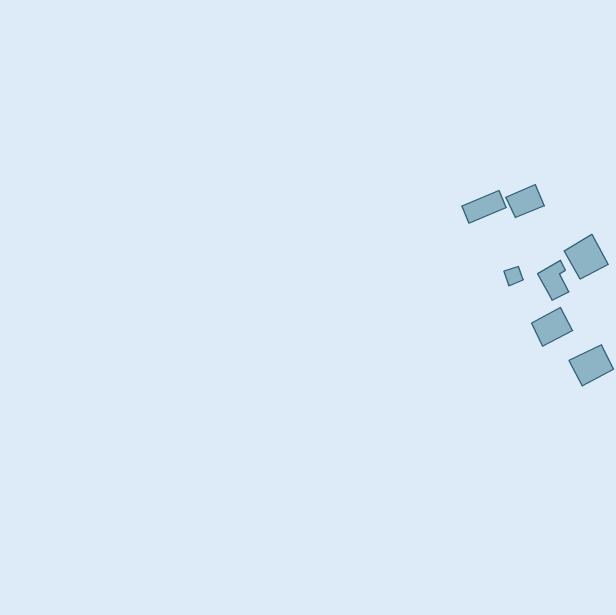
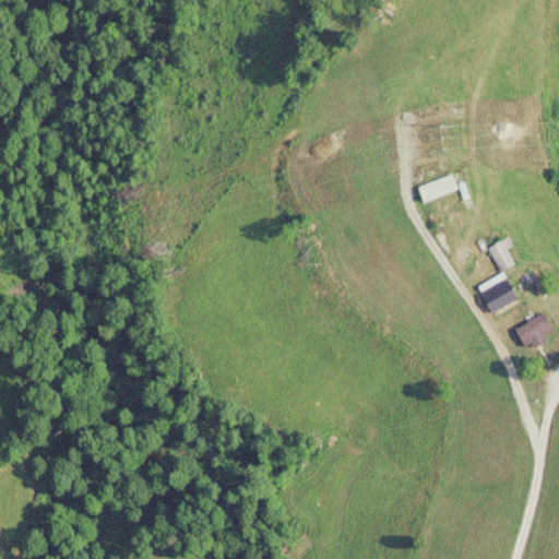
building: [506,185,544,218] -> none
building: [564,234,608,279] -> none

